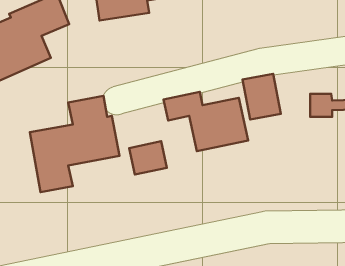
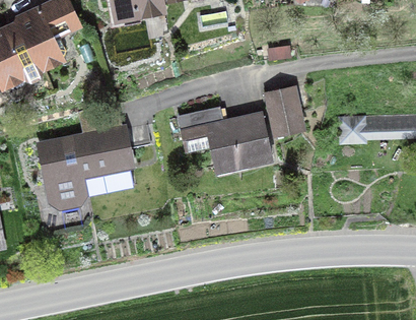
building: [129,141,167,175] -> none

